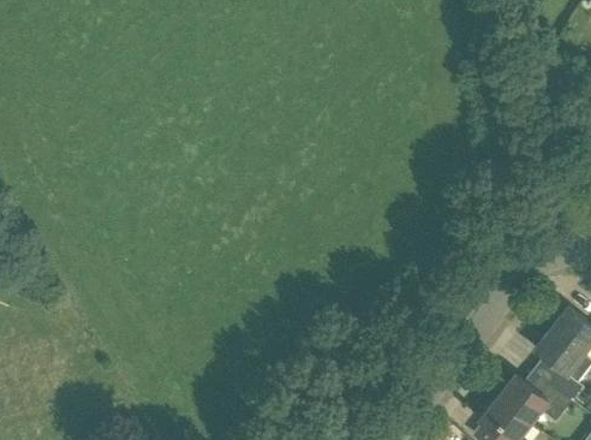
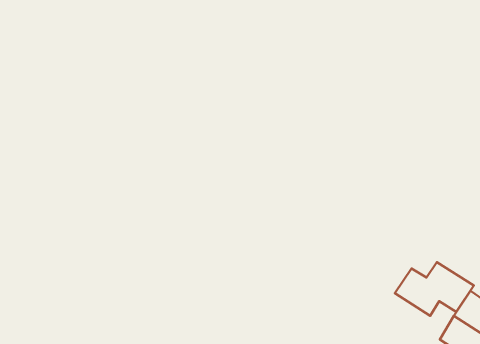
building: none -> [395,262,474,316]

